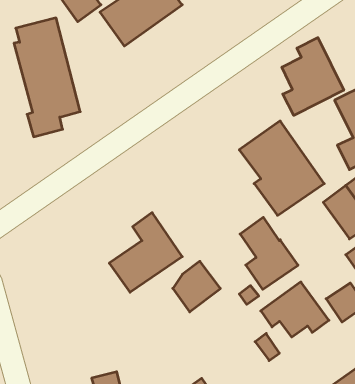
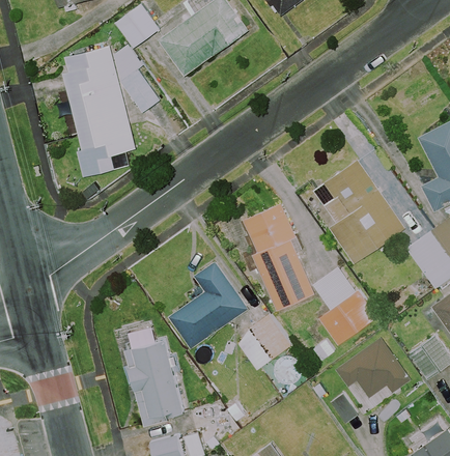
building: [282,38,344,115] -> none
building: none -> [119,68,162,113]
building: none -> [244,203,315,310]
building: none -> [123,326,185,427]

